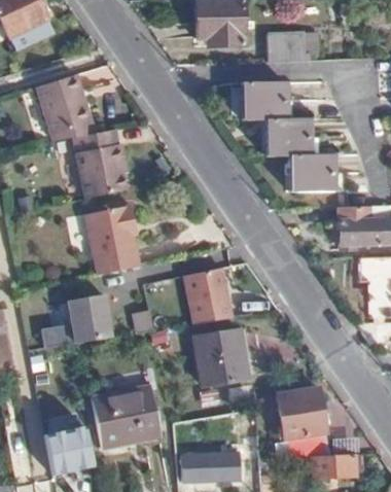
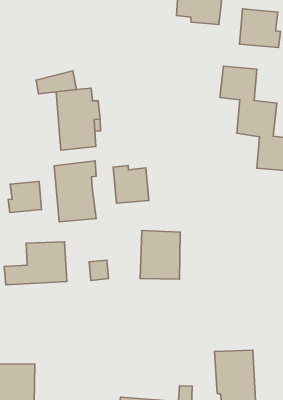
building: [39,72,90,126] -> none
building: none -> [113,165,149,203]
building: none -> [8,182,42,212]
building: [197,331,247,385] -> none
building: [94,386,162,447] -> none

